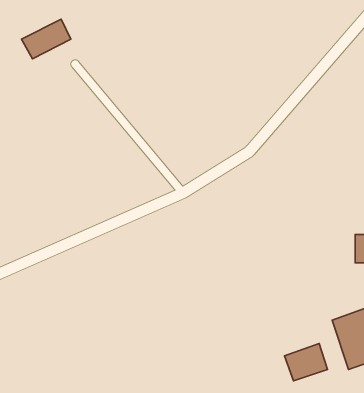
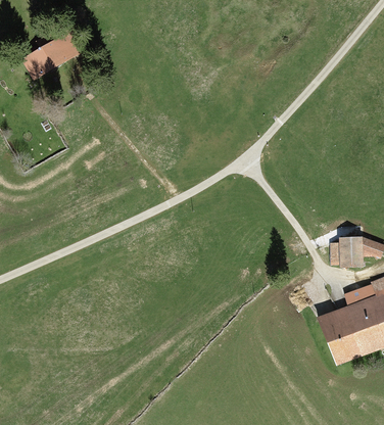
building: [285,344,327,381] -> none

